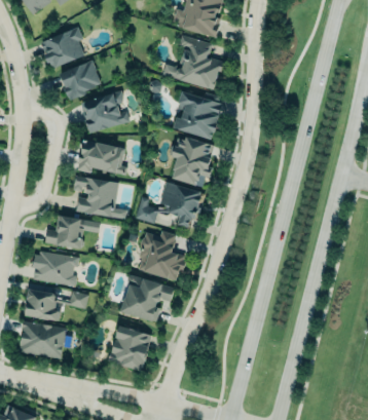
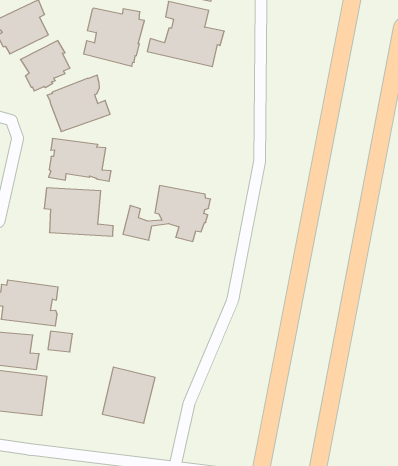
building: [173,91,223,140] -> [84,8,144,66]
building: [169,138,215,187] -> none
building: [45,215,100,249] -> none
building: [136,232,186,281] -> none
building: [120,275,174,321] -> none

